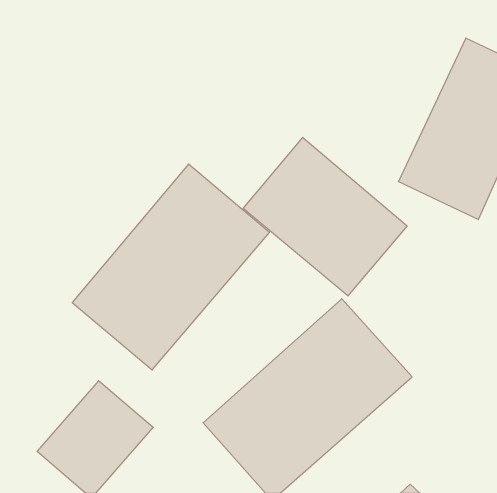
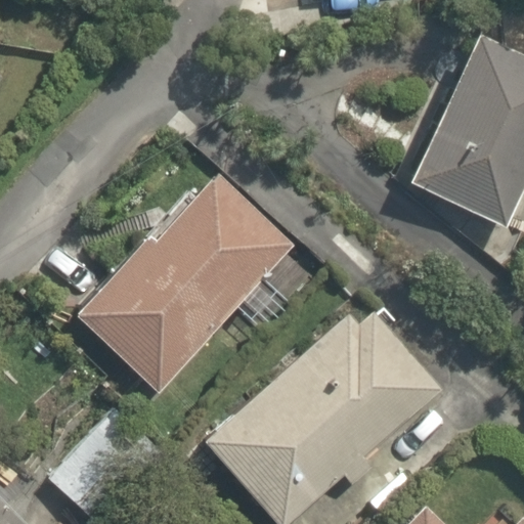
building: [243,137,407,296] -> none

